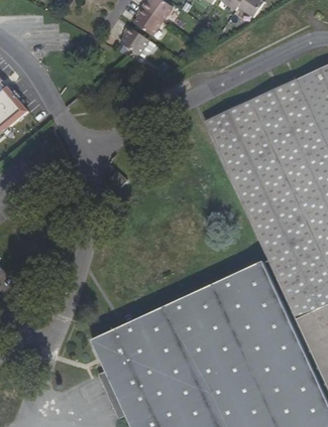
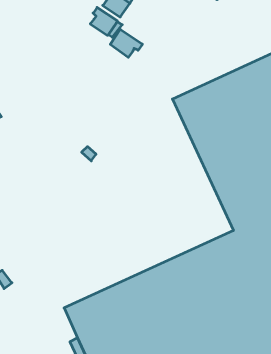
building: none -> [110,29,142,57]

